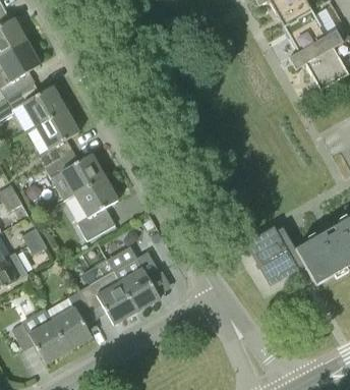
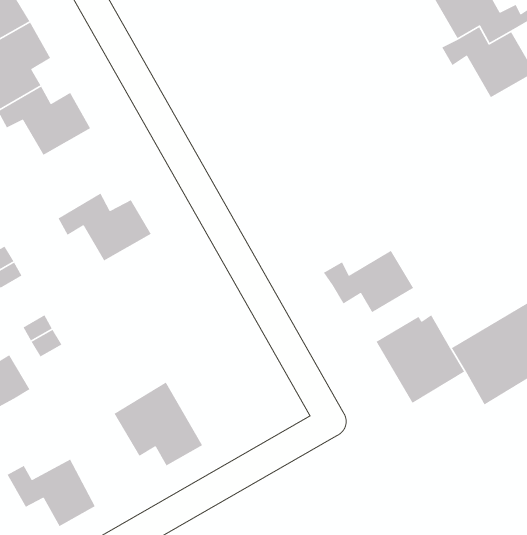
building: [35,109,78,166] -> none
building: [73,176,117,241] -> none
building: none -> [323,250,414,313]
building: [113,250,159,311] -> none
building: [52,290,96,349] -> none

